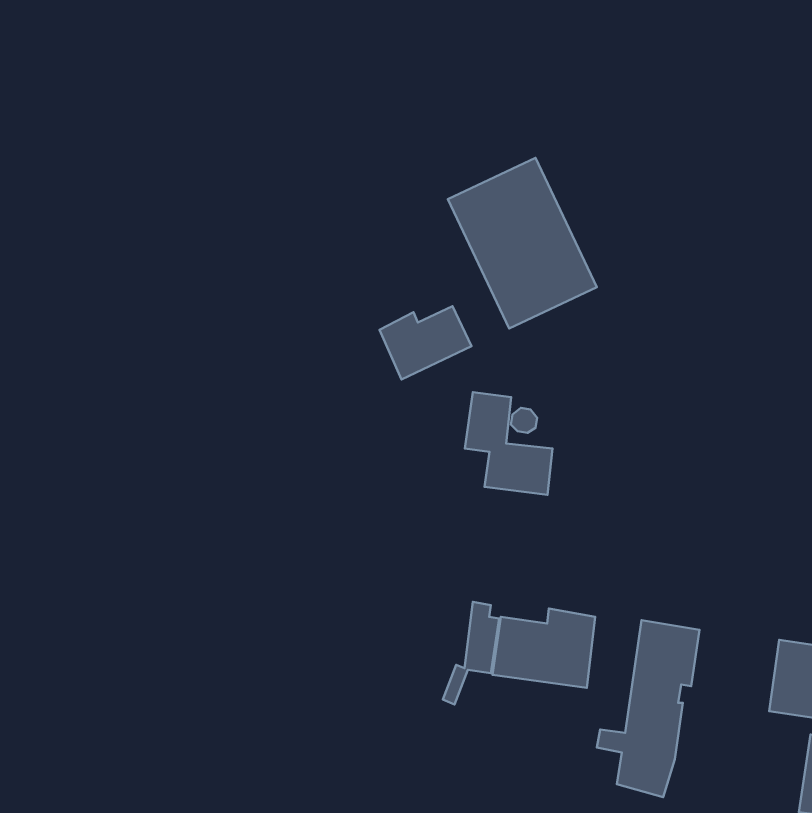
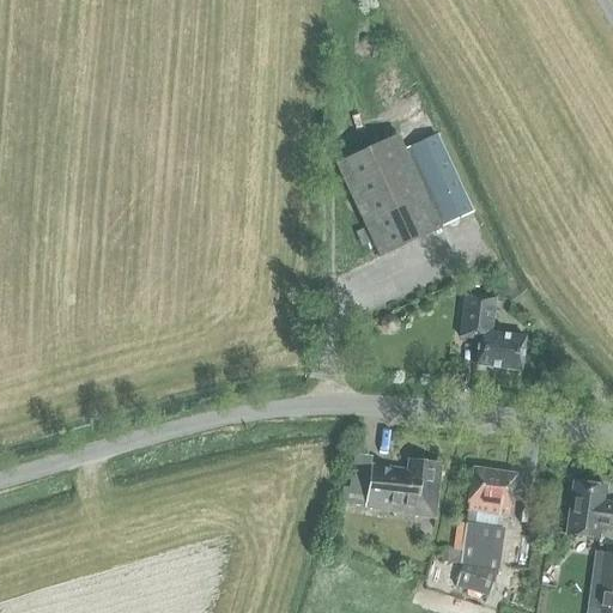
building: none -> [411,133,474,224]
building: [379,306,471,379] -> none
building: [465,392,552,495] -> [462,295,526,369]

